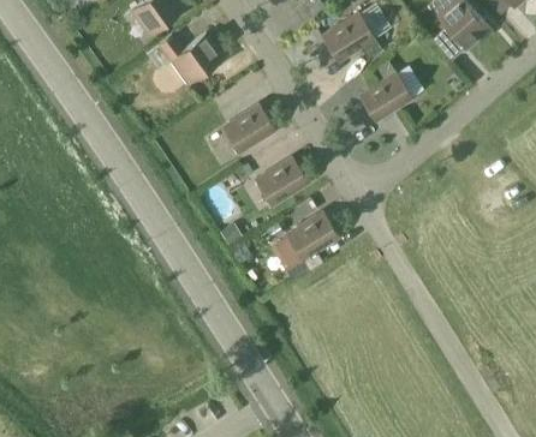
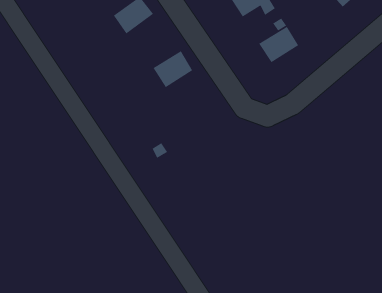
building: [254,157,306,206] -> none
building: [284,212,337,271] -> none

